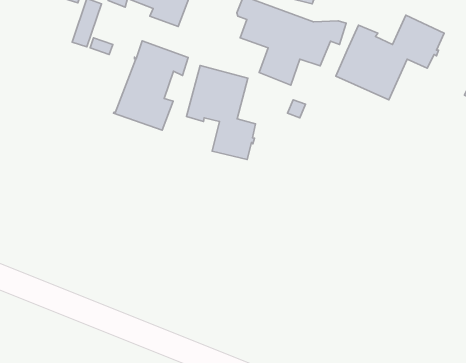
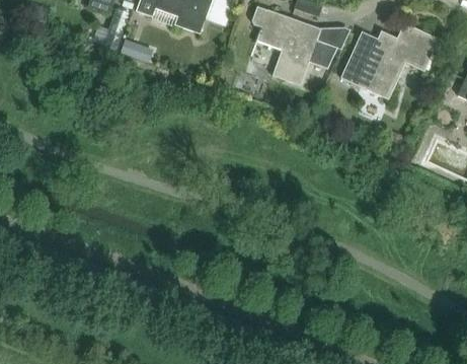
building: [114,41,188,130] -> none
building: [187,66,256,160] -> none

